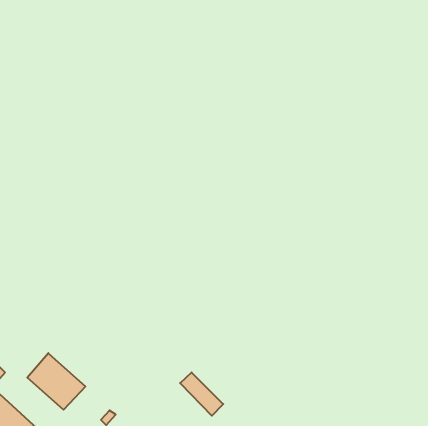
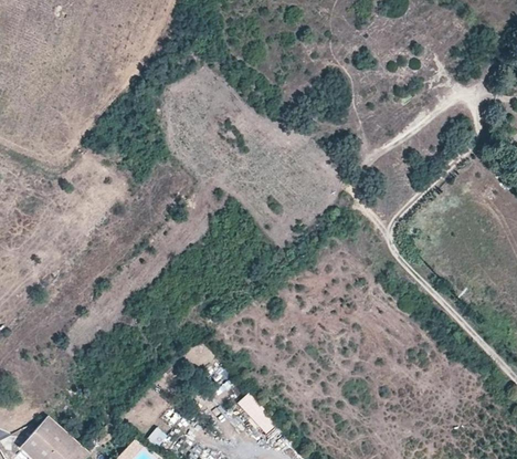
building: [27,353,85,410] -> none

